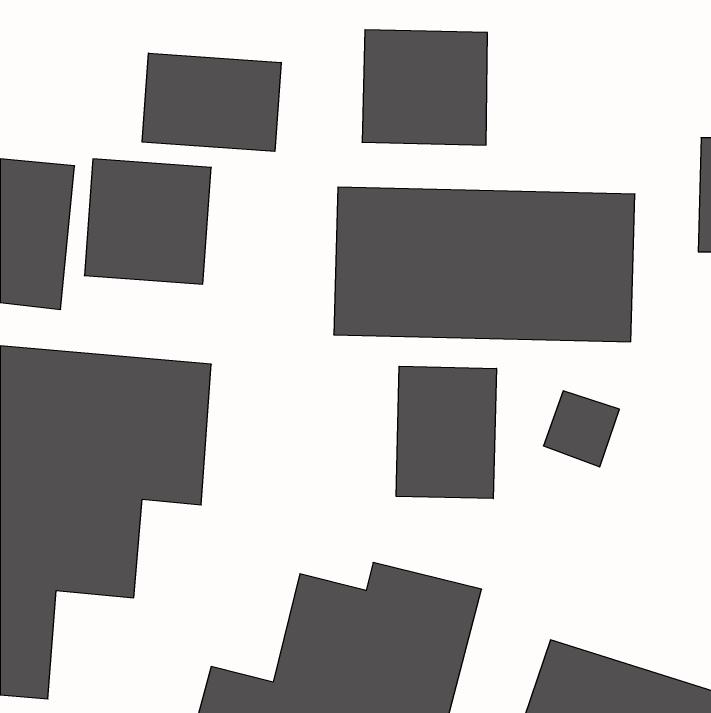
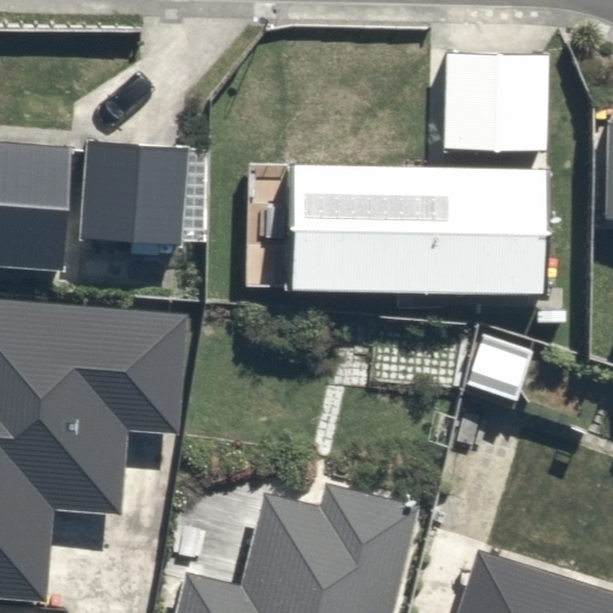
building: [362,30,487,145] -> [439,54,546,152]
building: [142,53,281,151] -> none
building: [396,366,496,499] -> none

